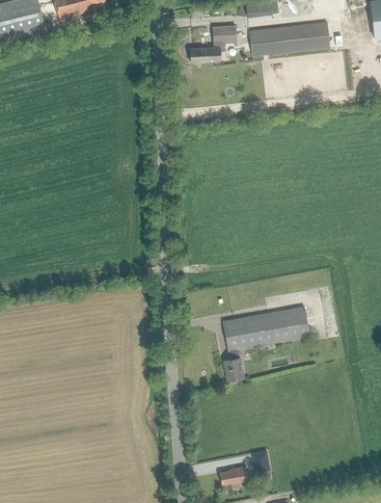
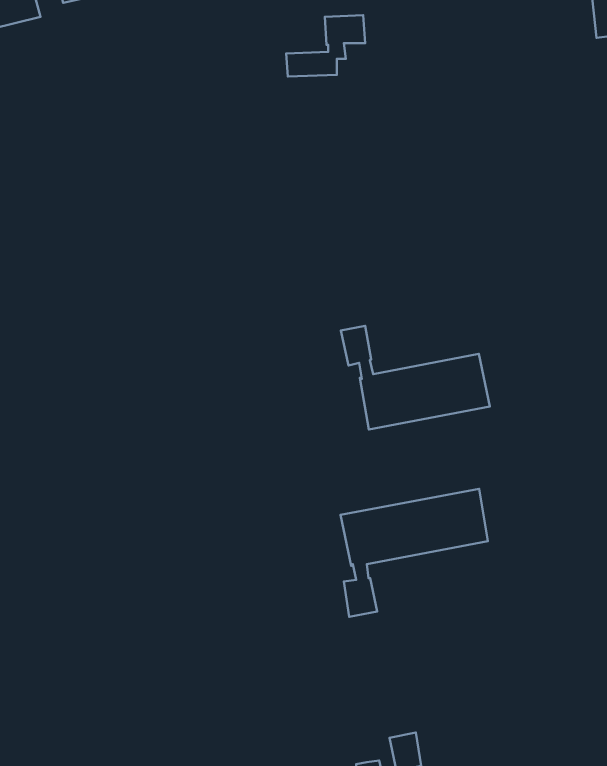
building: [249,22,329,55] -> none
building: none -> [341,326,490,429]

